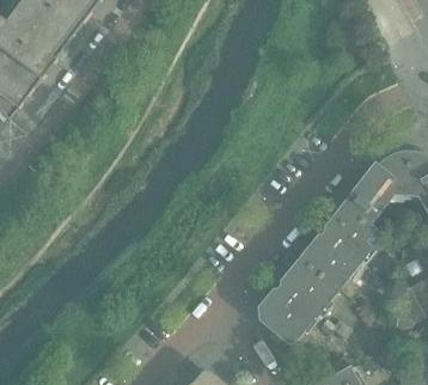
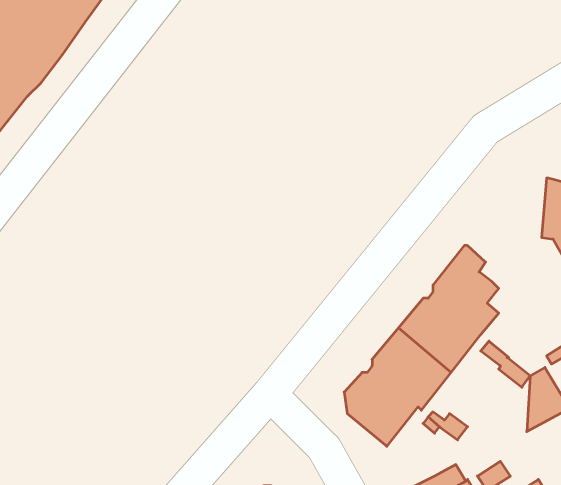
building: [351,149,409,225] -> none

